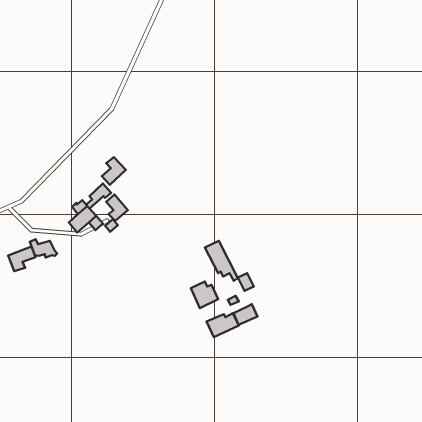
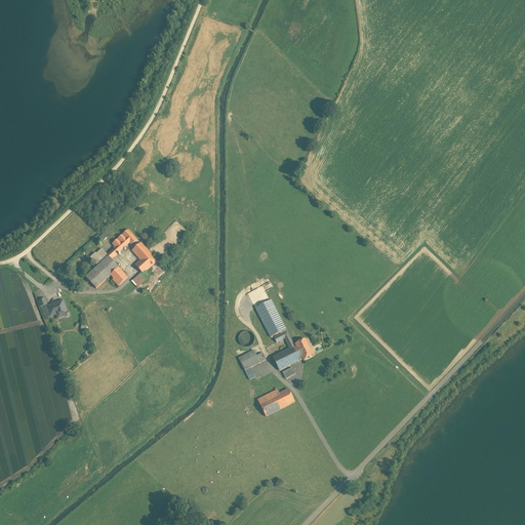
building: [102,157,126,185] -> none
building: [8,246,35,271] -> none
building: [233,304,258,325] -> [272,344,301,369]

